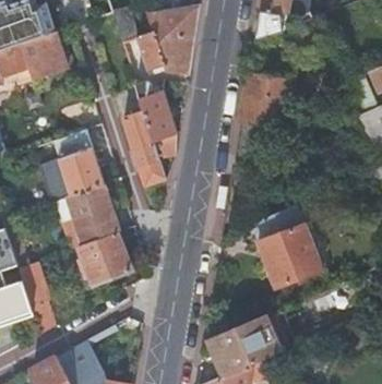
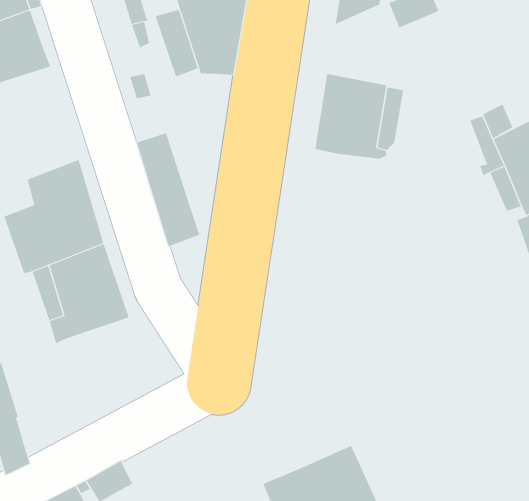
building: [134,81,178,158] -> none
building: [249,202,321,287] -> none
building: [77,232,129,285] -> none

